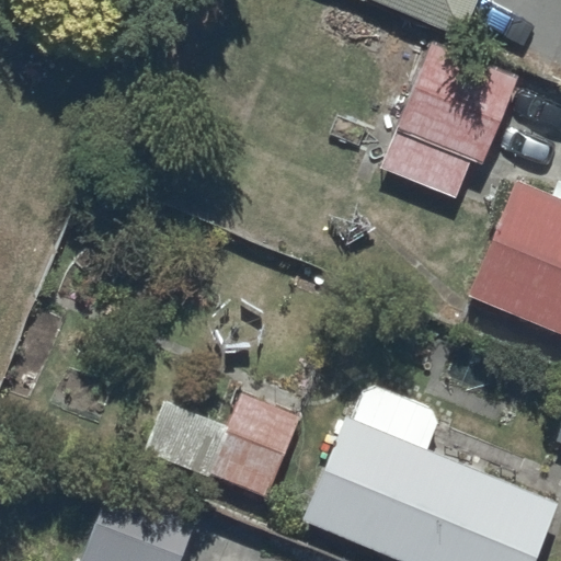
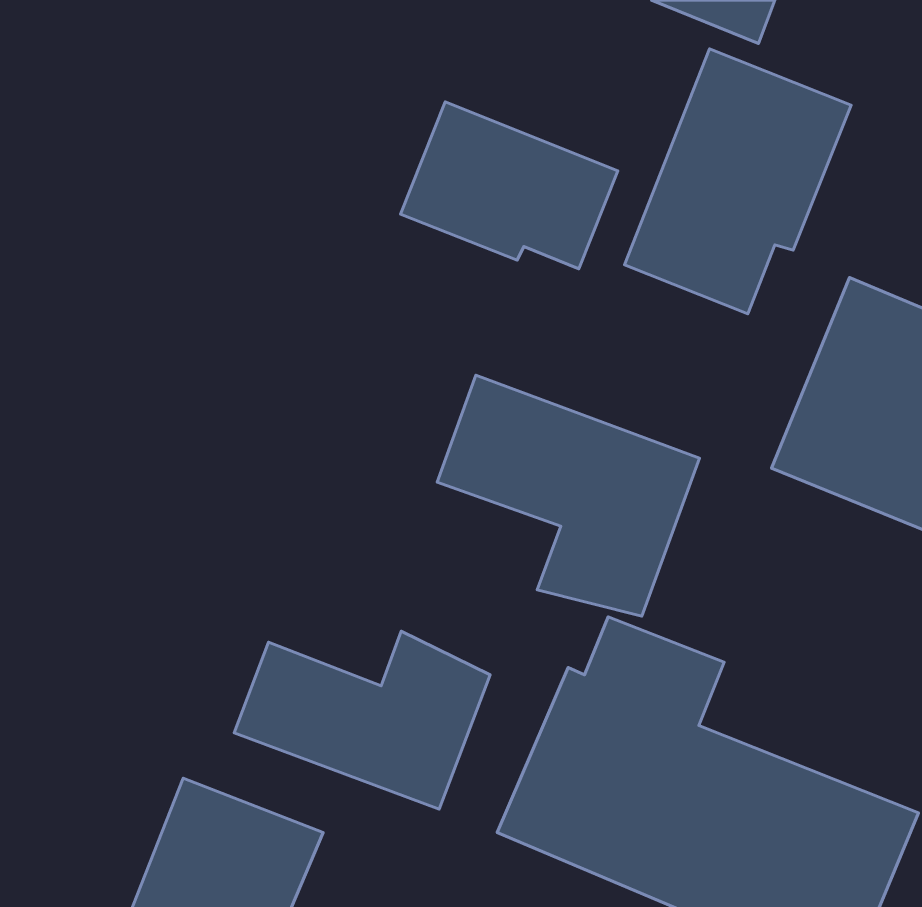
building: none -> [400,102,618,269]
building: none -> [437,375,699,616]

